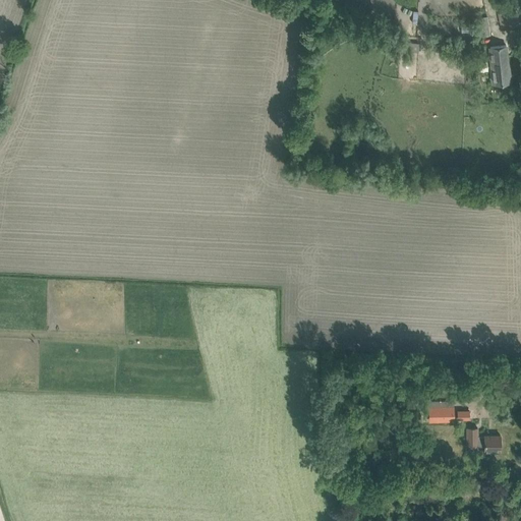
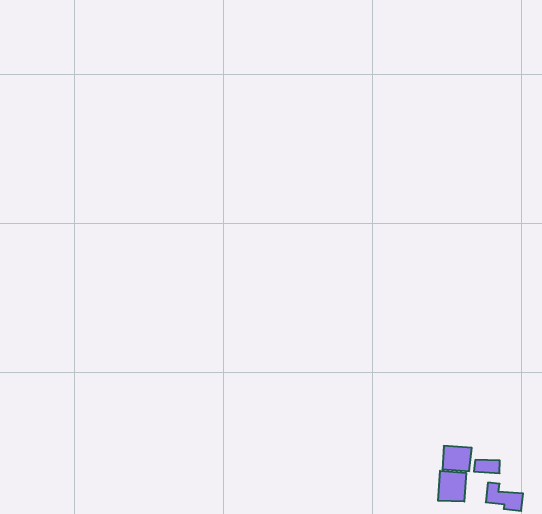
building: none -> [438,471,466,502]

